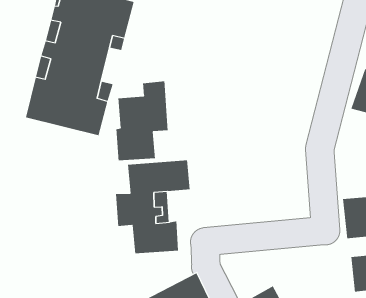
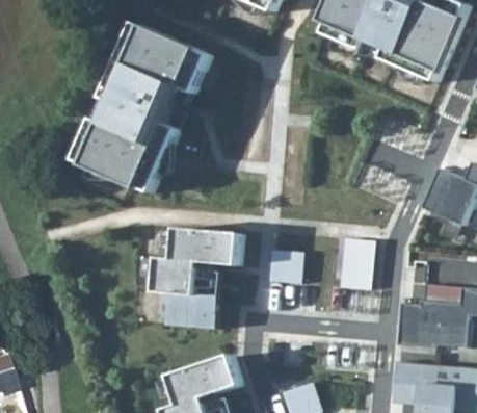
building: [116,81,168,161] -> none
building: none -> [339,239,373,290]
building: none -> [268,251,301,284]

